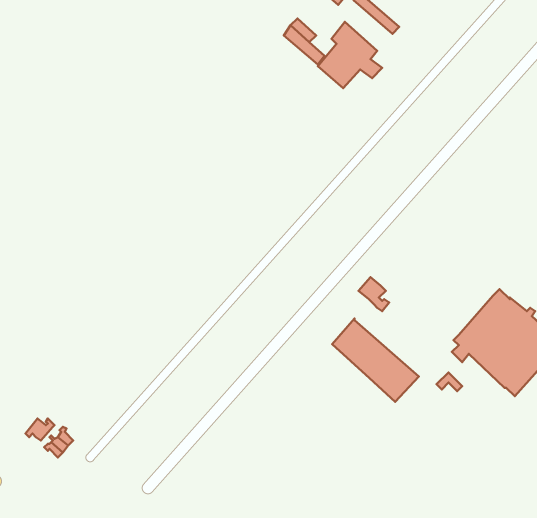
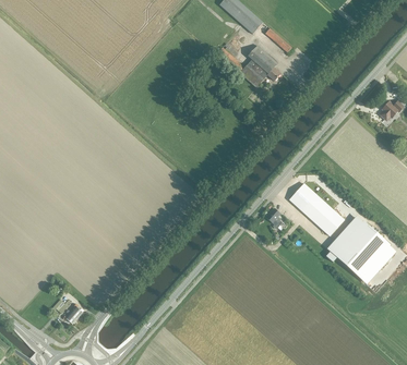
building: [332,319,419,402] -> [288,183,344,236]

